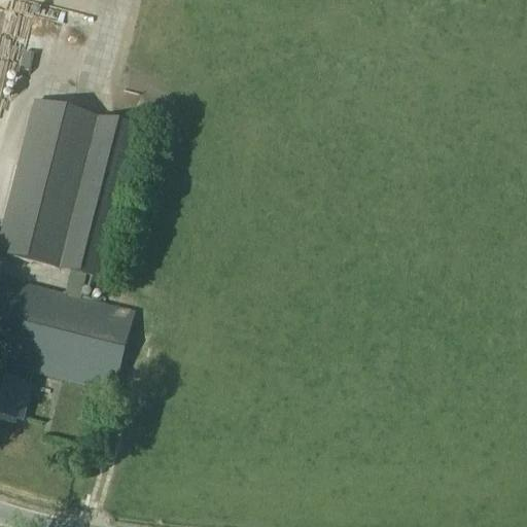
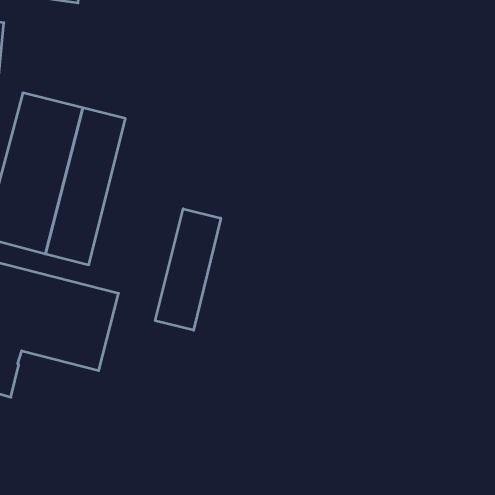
building: none -> [155,209,221,330]

